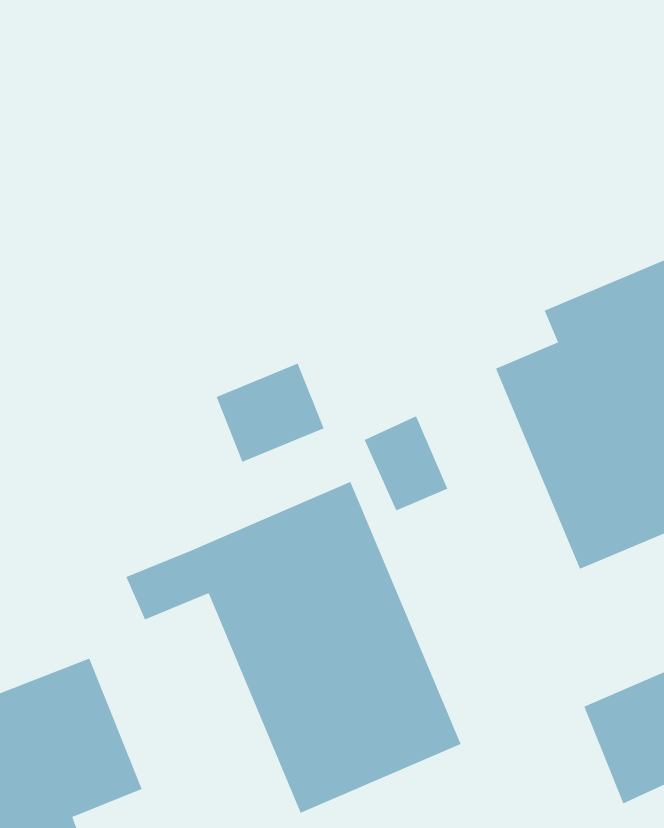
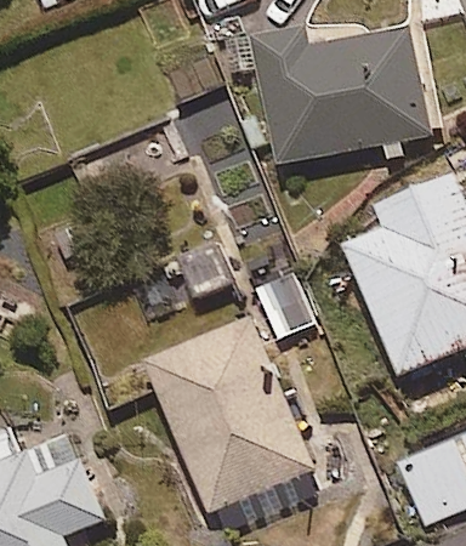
building: none -> [248,25,432,166]

